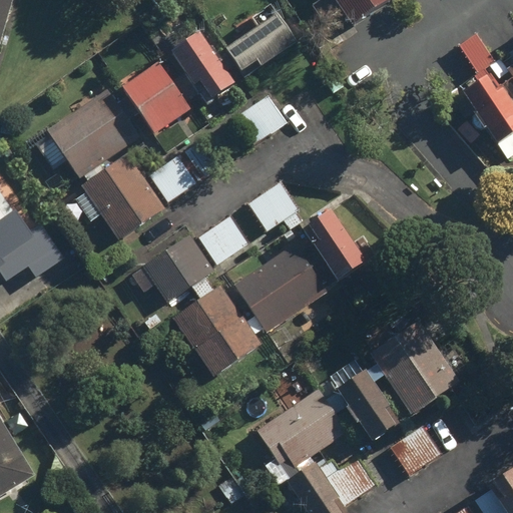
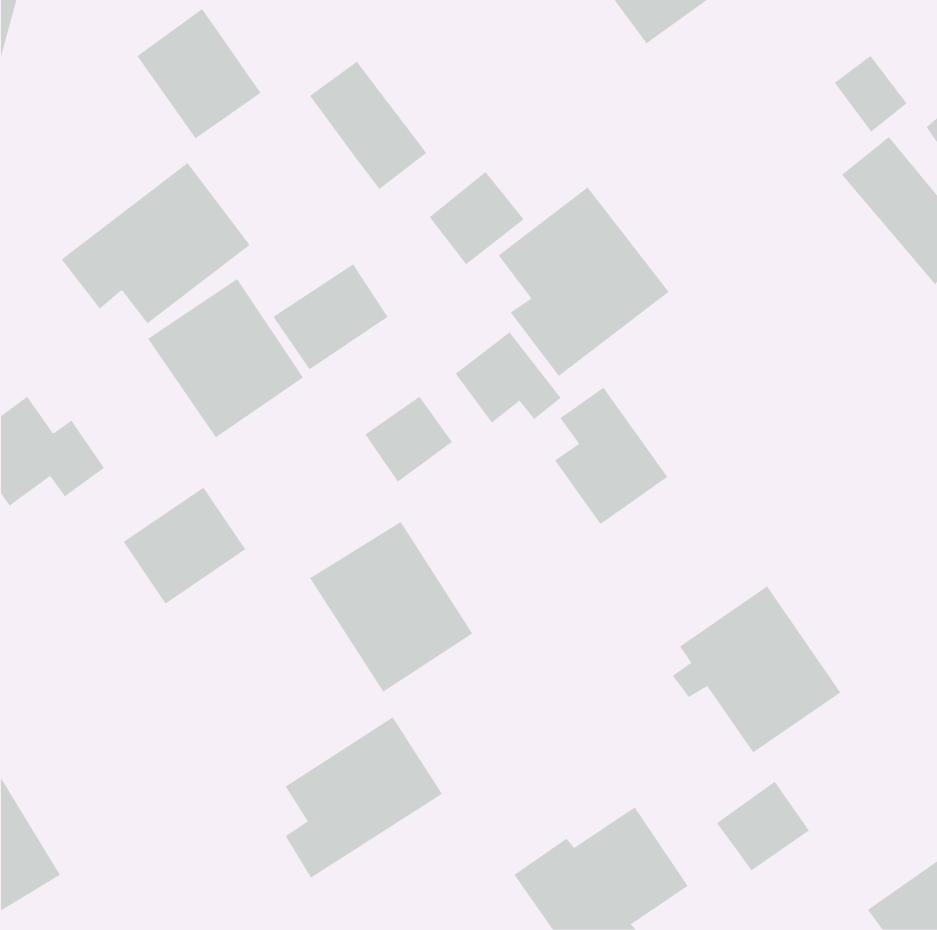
building: [219,12,296,75] -> none
building: [120,64,188,135] -> [136,8,262,139]
building: none -> [498,186,669,377]
building: [147,233,214,298] -> [123,487,246,605]
building: [234,243,327,333] -> none
building: [329,371,394,441] -> none
building: [260,390,346,478] -> [285,716,443,878]

